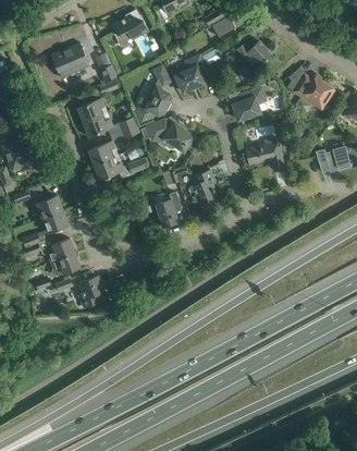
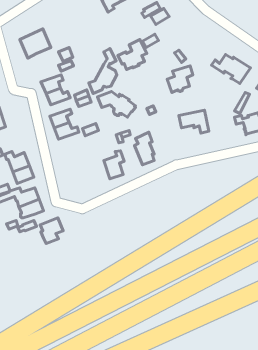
building: [111,14,148,46] -> none
building: [236,40,270,64] -> none

